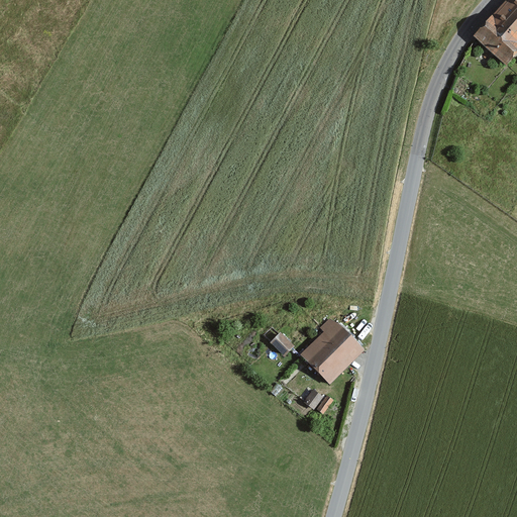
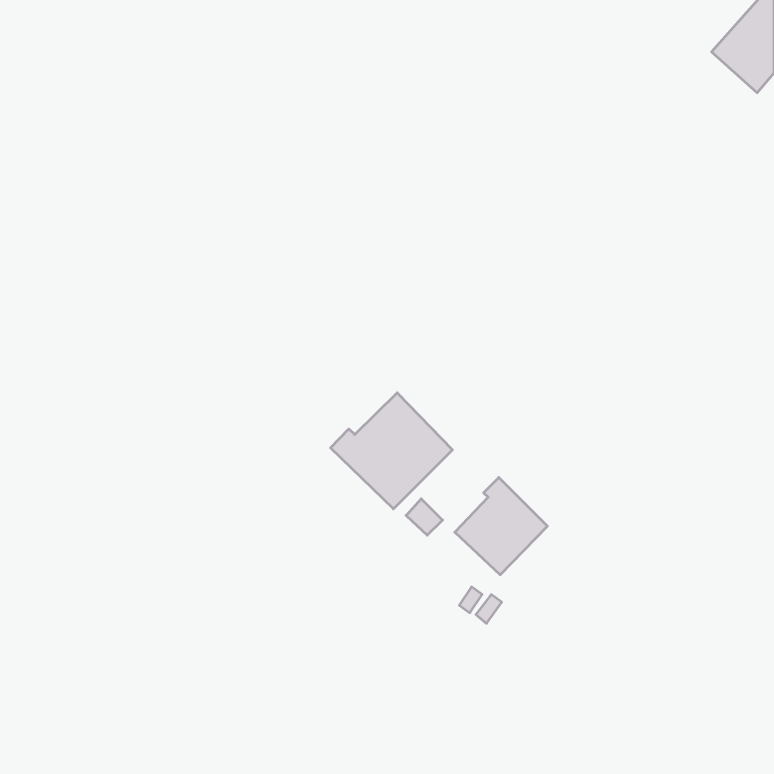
building: none -> [331,393,452,509]

